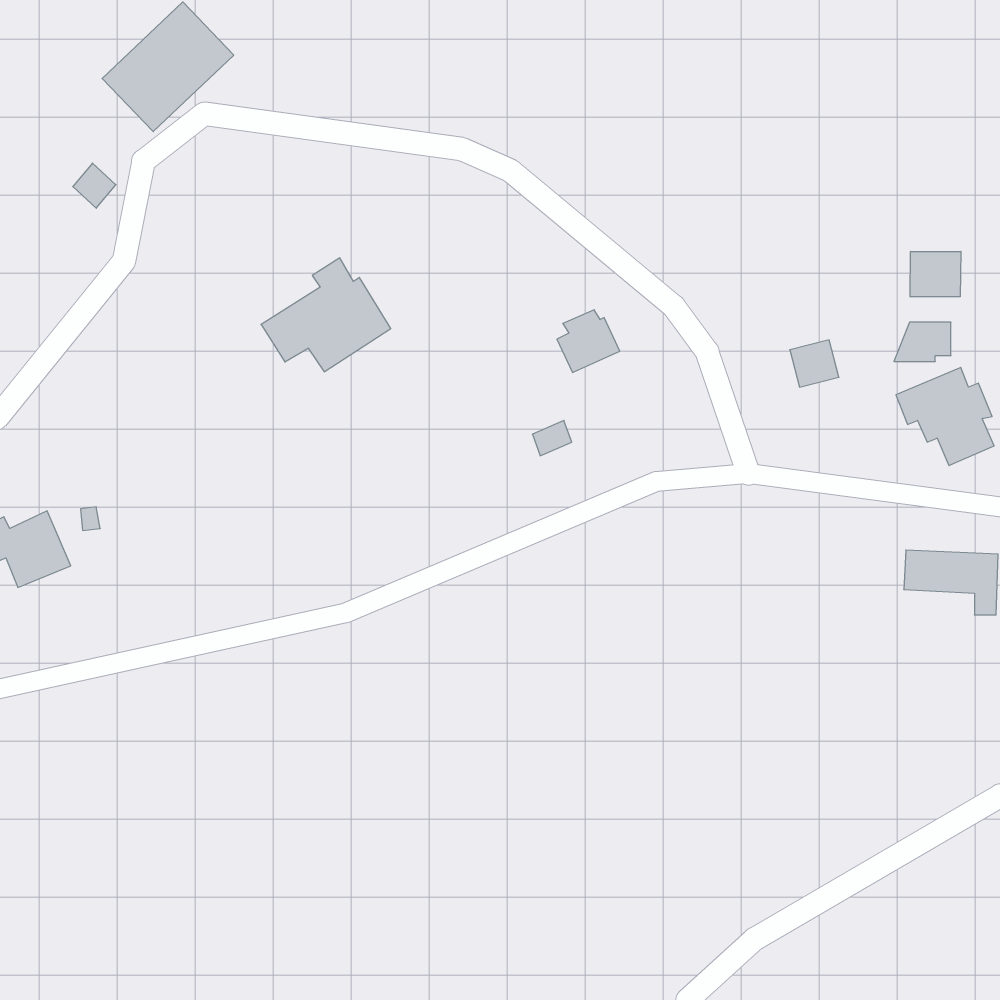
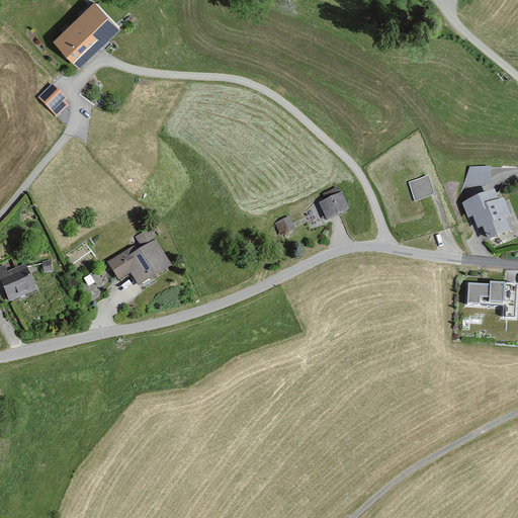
building: [910,251,961,297] -> none
building: [261,258,391,372] -> [106,228,173,286]
building: [557,310,620,373] -> [319,187,351,220]

